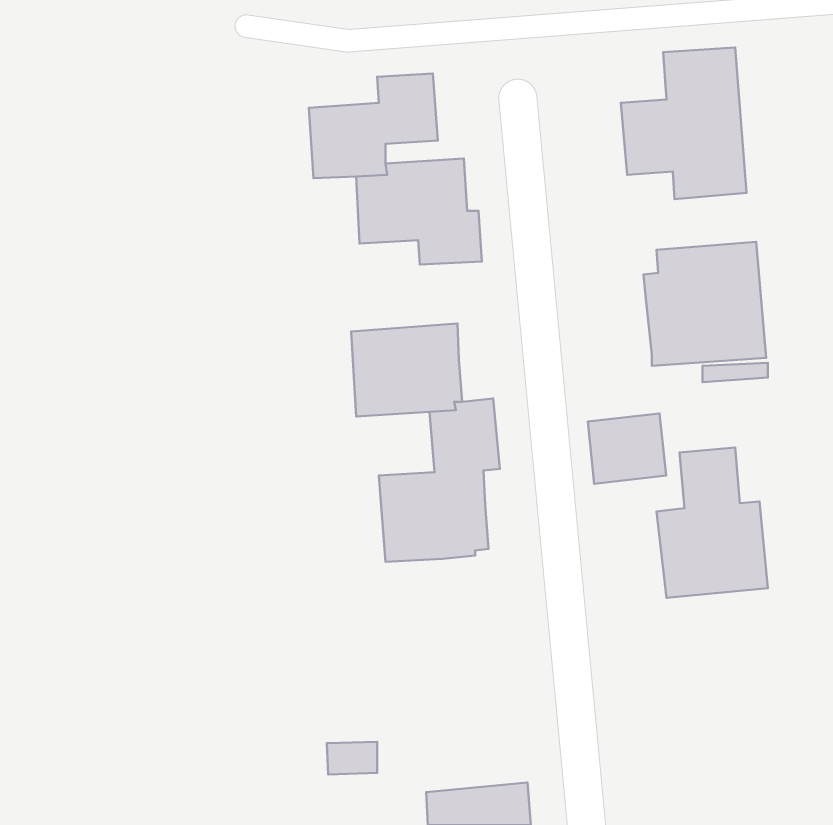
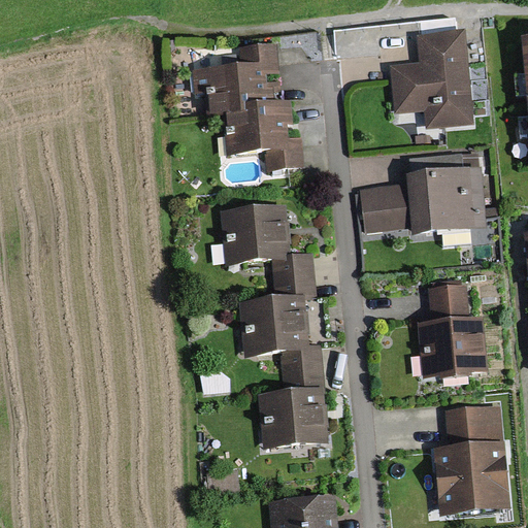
building: [588,413,666,484] -> [362,185,411,229]
building: none -> [258,345,328,448]
building: none -> [431,406,509,514]

